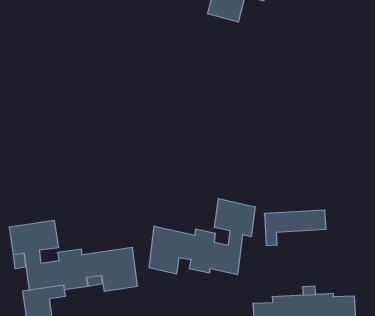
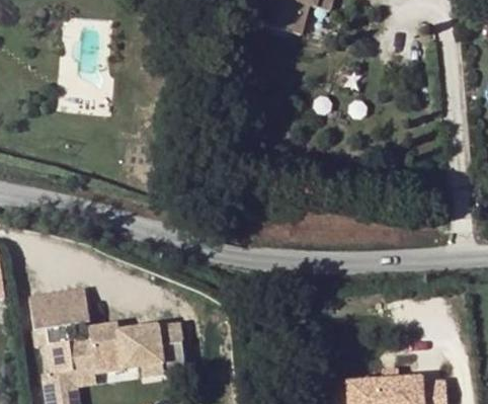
building: [149,199,255,275] -> none
building: [265,210,326,246] -> none

